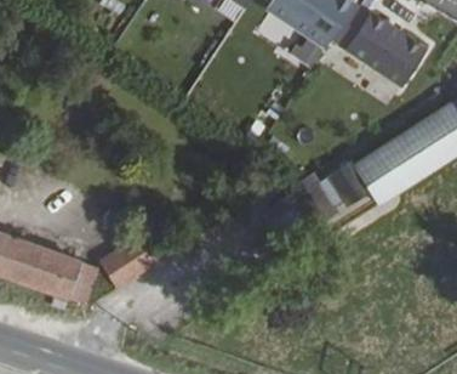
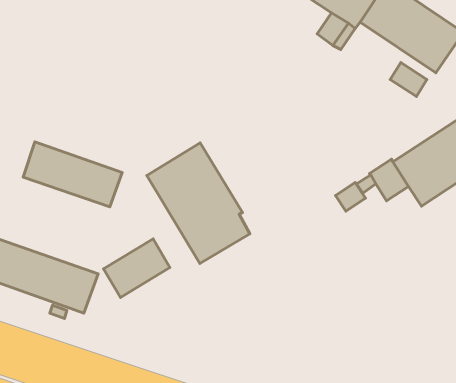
building: none -> [23,142,122,207]
building: none -> [147,143,250,263]

